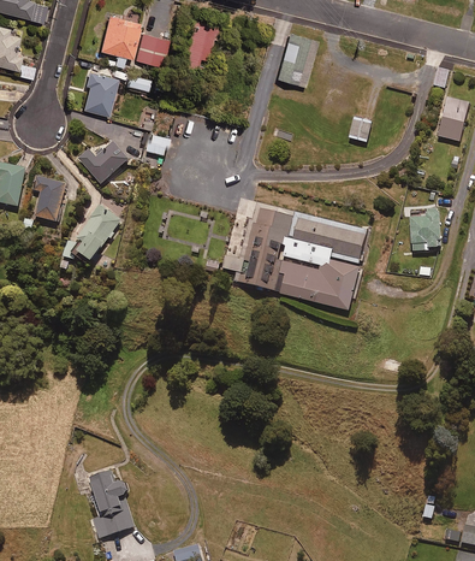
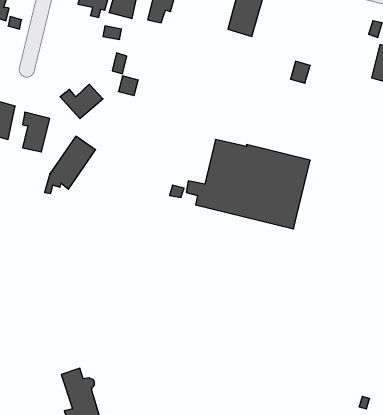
building: [83,70,117,114] -> none
building: [411,207,441,250] -> none

